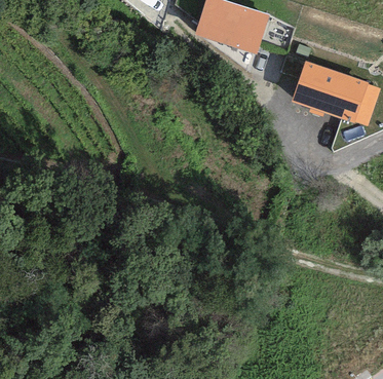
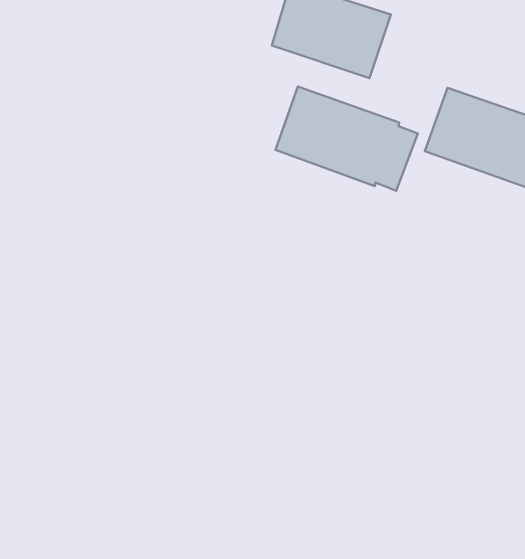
building: none -> [276,86,418,191]

